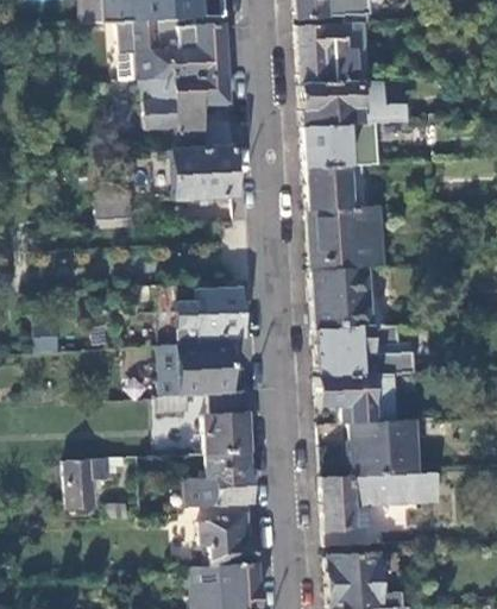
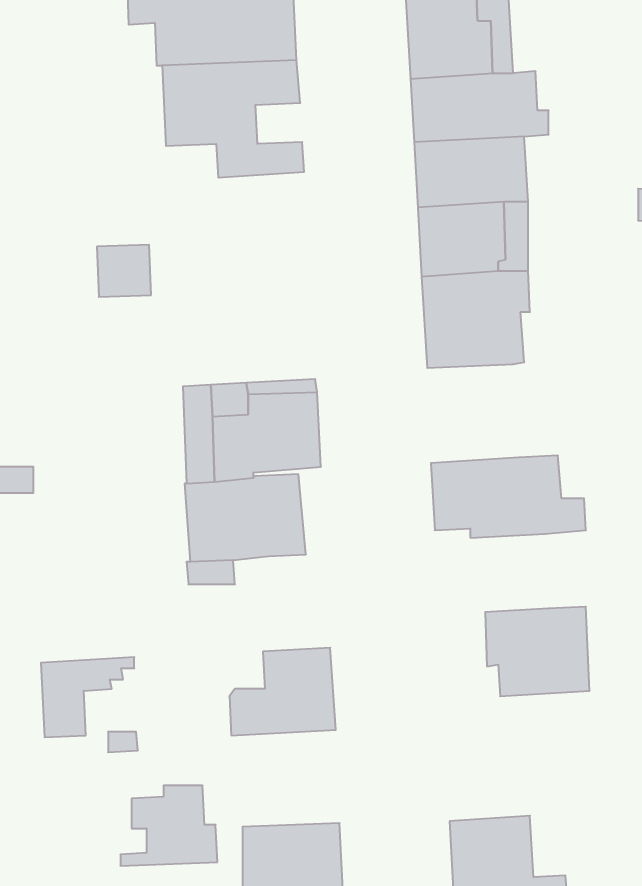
building: [171,146,237,200] -> none
building: [313,269,371,332] -> none
building: [317,377,390,428] -> none
building: [206,390,251,452] -> none
building: [322,475,439,534] -> none
building: [195,513,257,564] -> [120,786,217,866]

